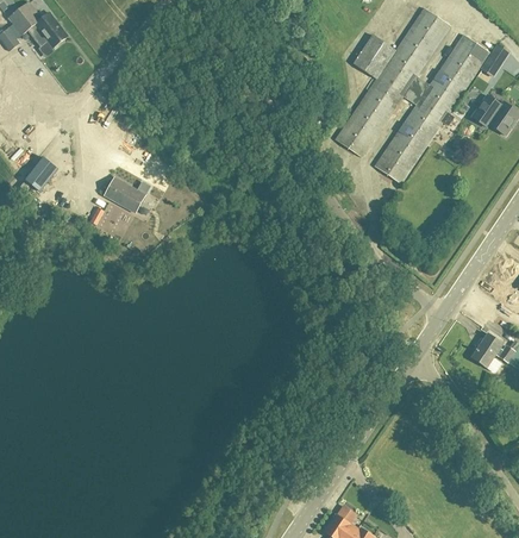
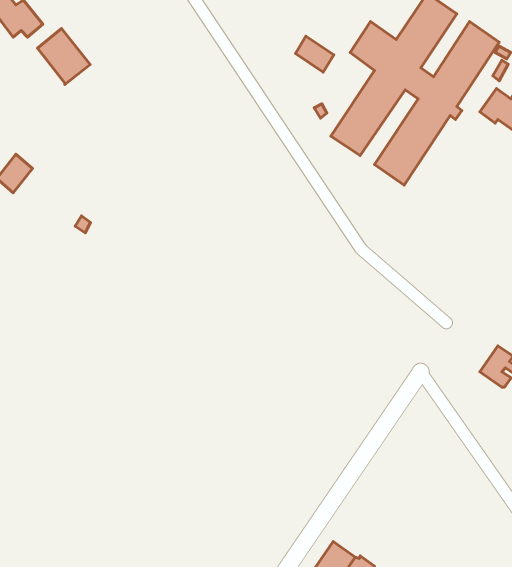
building: none -> [37,28,90,84]
building: none -> [295,36,334,72]
building: [104,175,143,209] -> none

